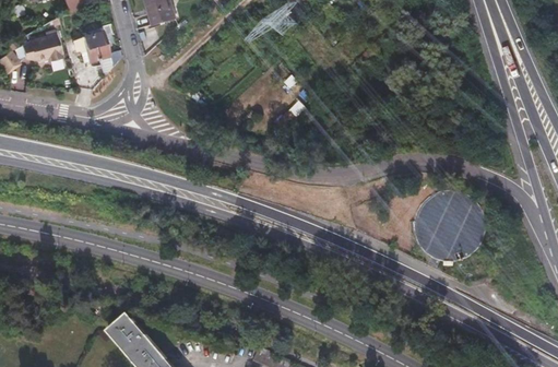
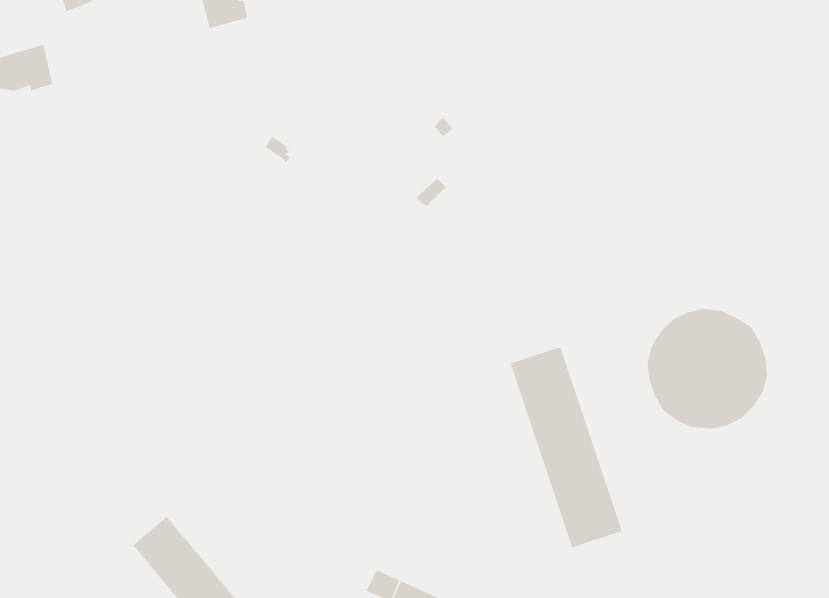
building: [72,29,108,59] -> none
building: none -> [510,346,623,548]

